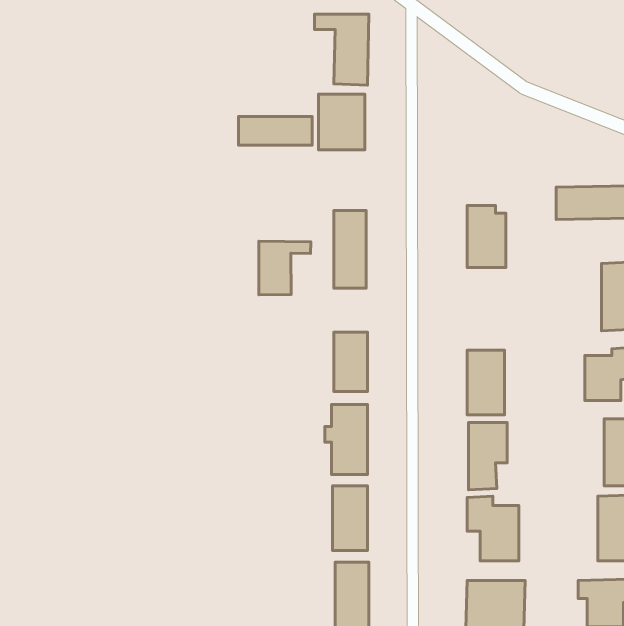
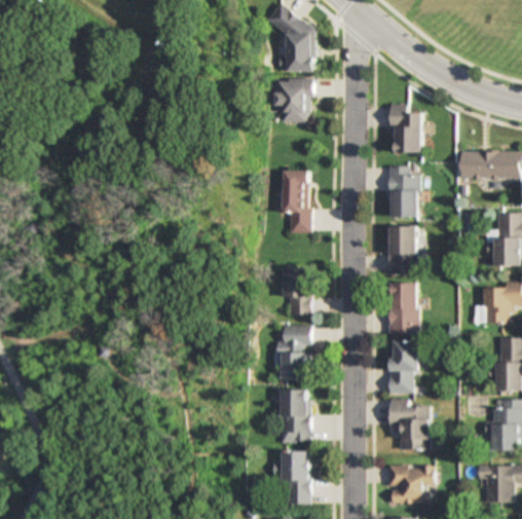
building: [238,116,312,145] -> none
building: none -> [388,105,422,153]
building: [259,241,311,295] -> none
building: none -> [389,227,417,274]

